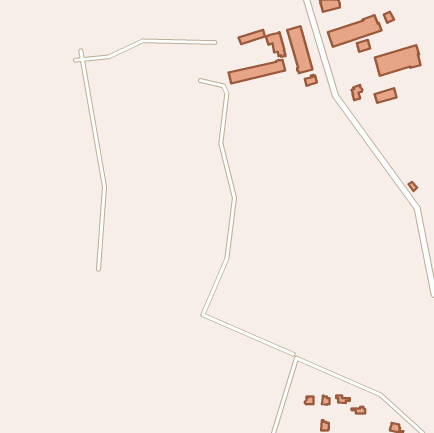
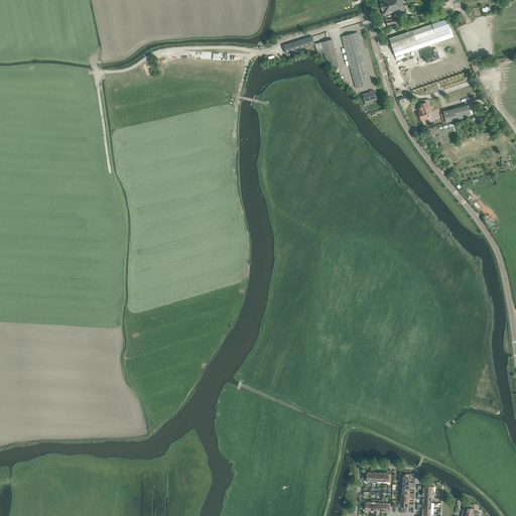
building: [375,45,421,76] -> none
building: [228,60,285,83] -> none

